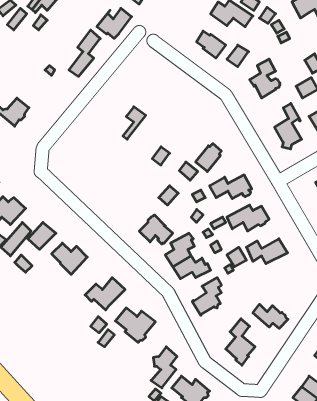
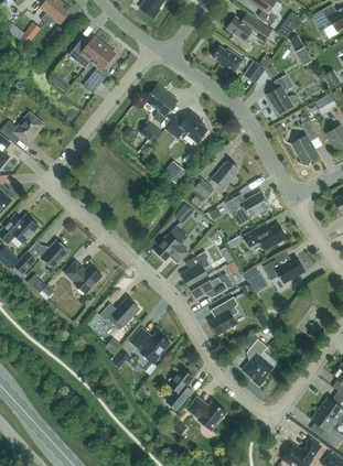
building: [97,8,132,38] -> [69,35,105,66]
building: none -> [146,84,178,120]
building: none -> [165,110,207,142]
building: [253,304,288,328] -> none

